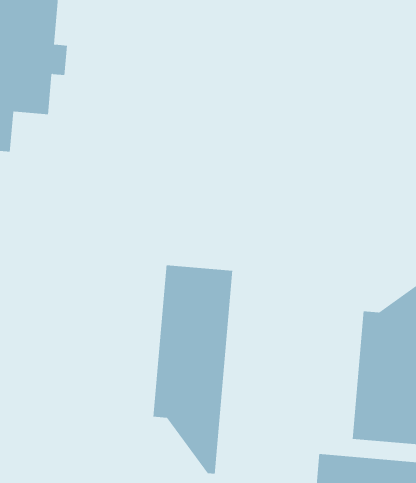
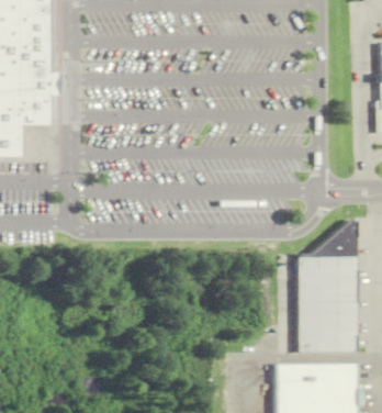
building: [153,264,233,475] -> none

